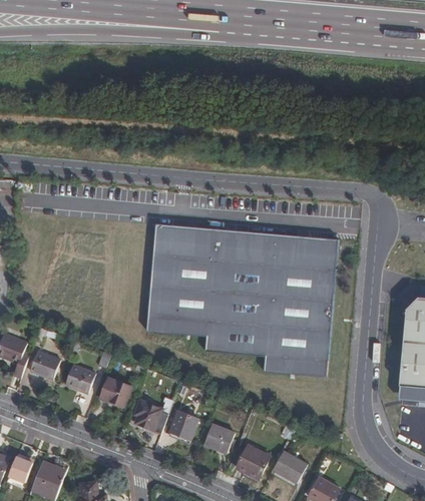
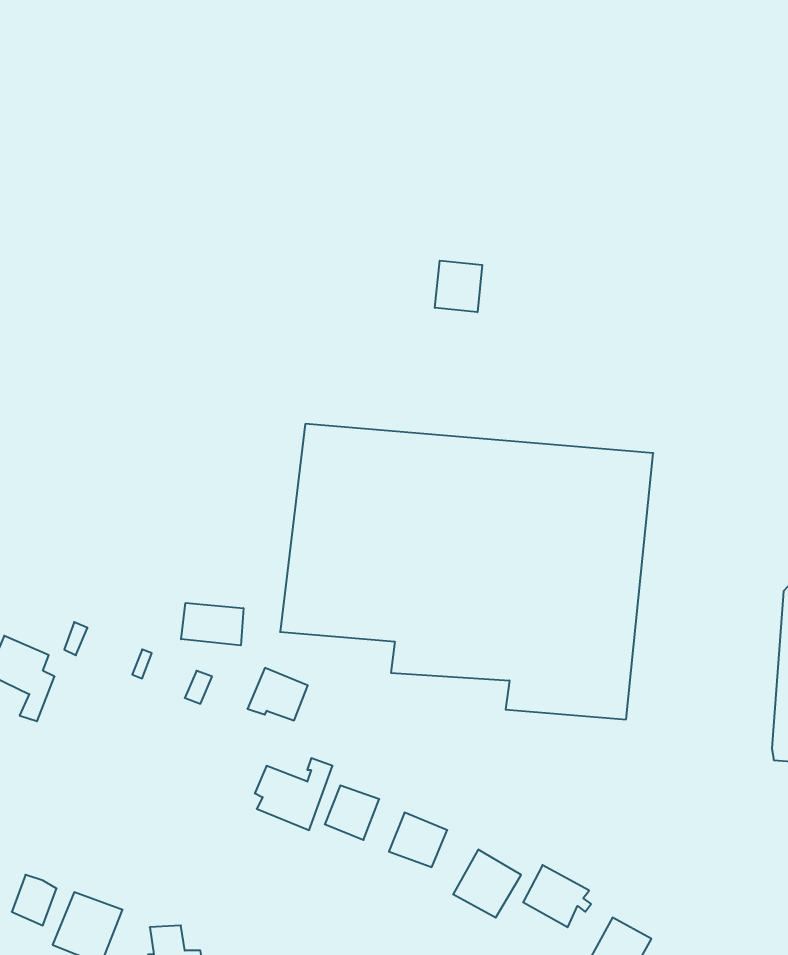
building: none -> [435,261,482,312]
building: none -> [181,603,243,645]
building: [30,351,59,379] -> none
building: [64,365,96,394] -> none
building: [99,377,130,404] -> [247,668,308,720]

